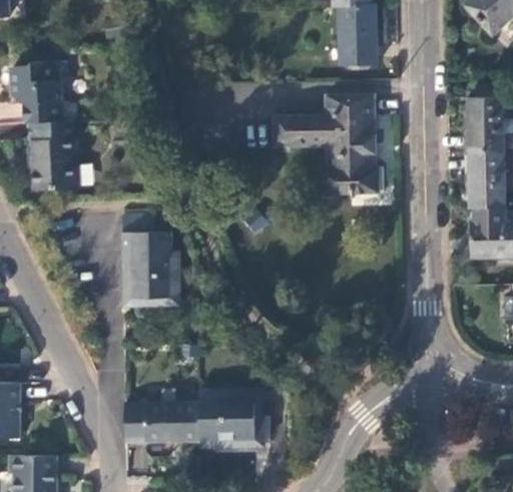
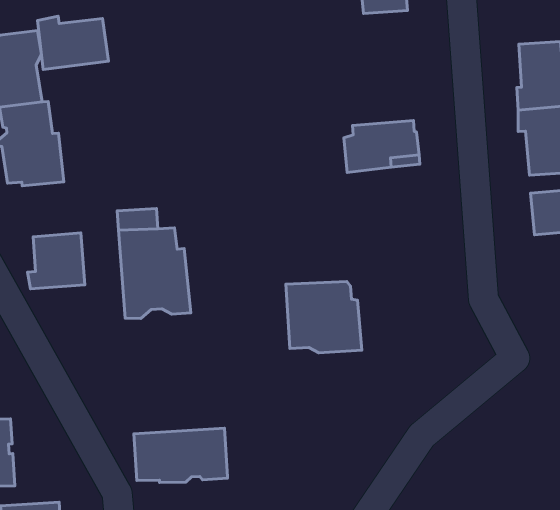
building: none -> [37,16,109,69]
building: [272,92,376,157] -> none
building: none -> [27,233,85,289]
building: [201,391,262,450] -> [286,282,362,353]

